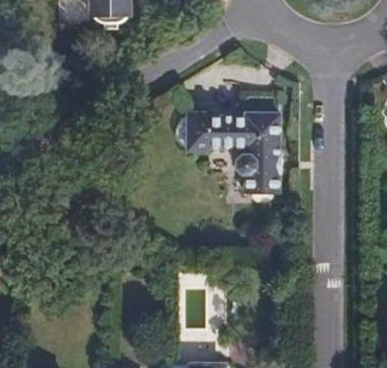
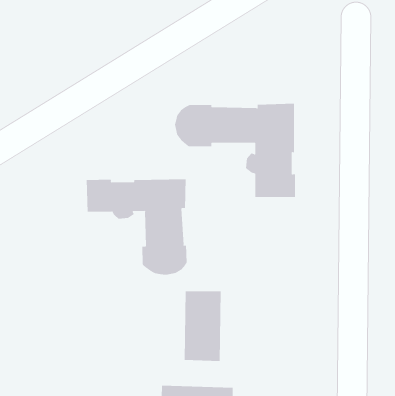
building: none -> [86,178,187,276]

